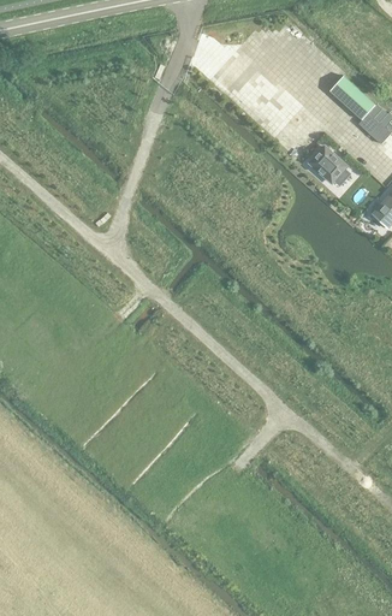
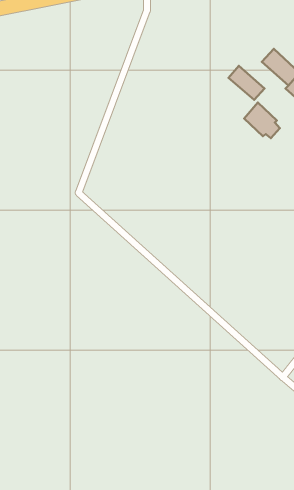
building: none -> [228,66,265,100]

